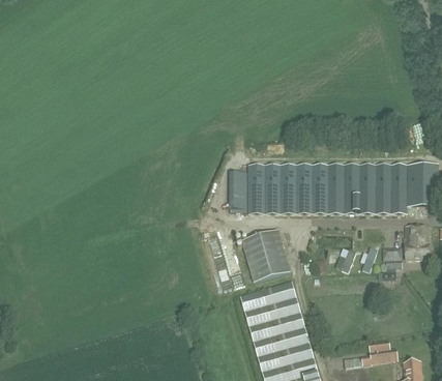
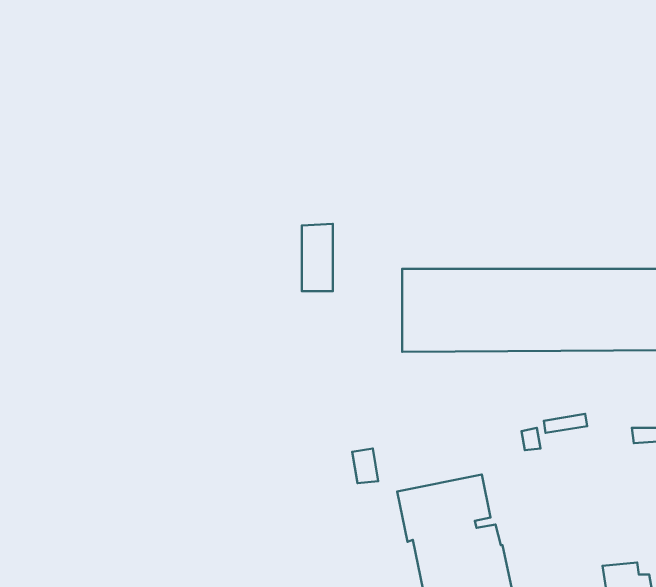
building: [227,171,245,211] -> [302,224,333,291]
building: [239,229,287,282] -> none

